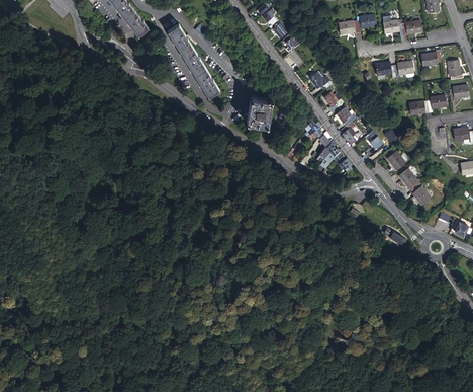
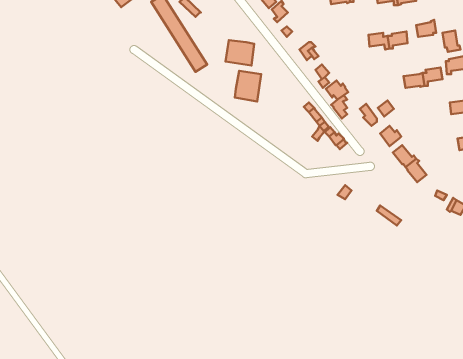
building: none -> [225,40,254,65]

